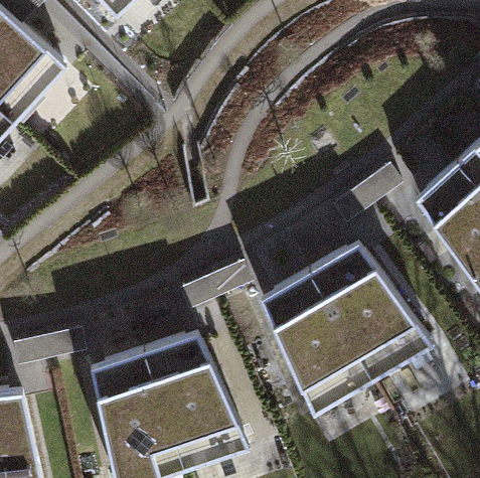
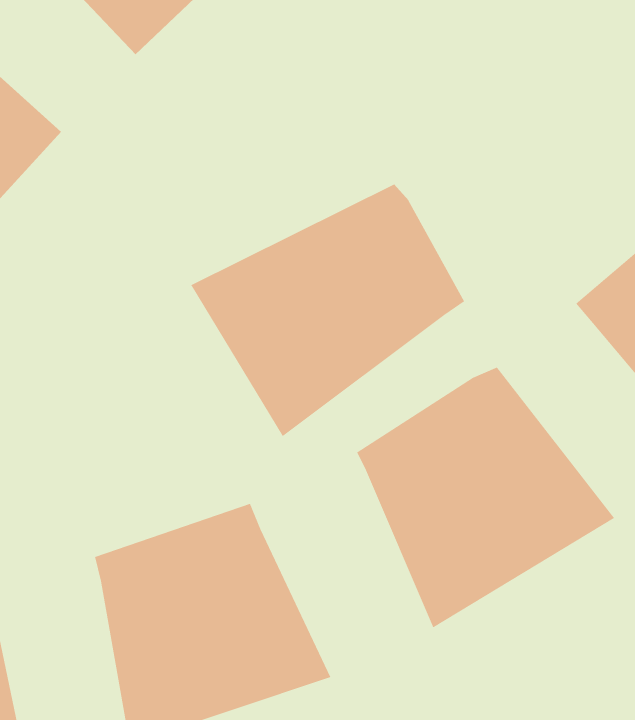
building: none -> [190,183,465,437]

